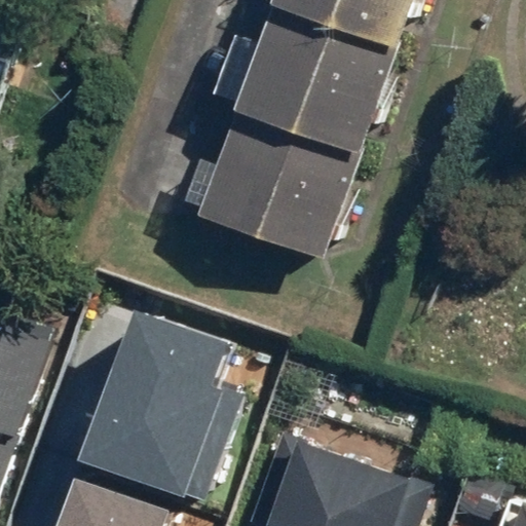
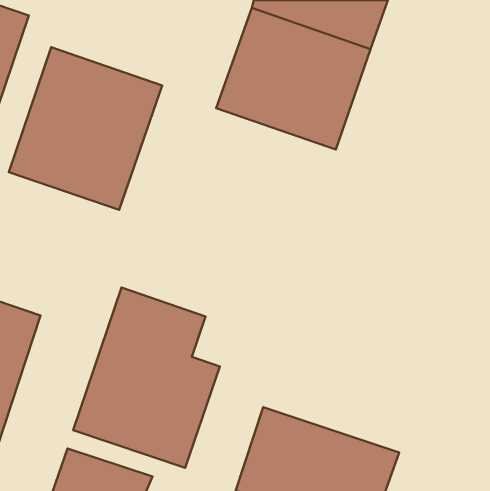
building: none -> [9,47,162,210]
building: [197,117,358,259] -> none

